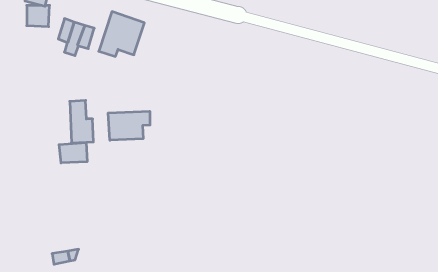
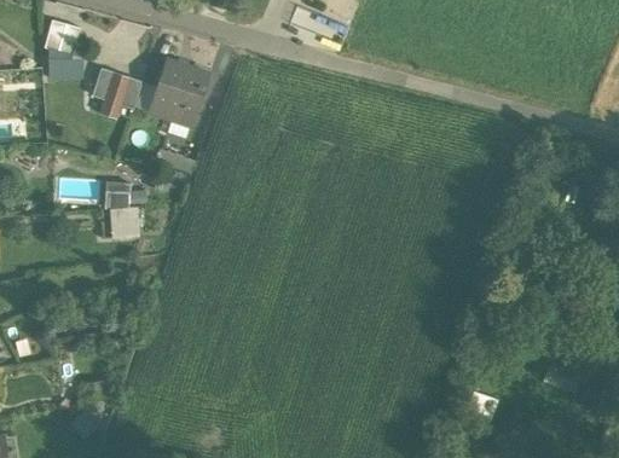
building: [108,111,150,140] -> none
building: [59,143,87,163] -> none

